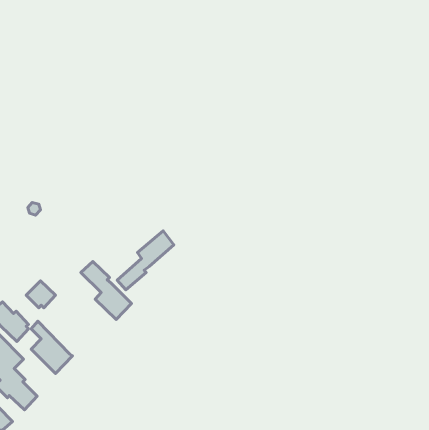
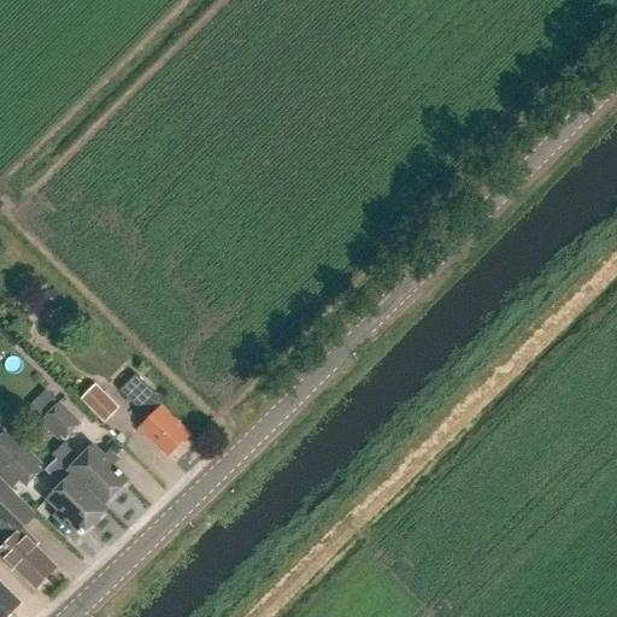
building: [117,231,174,290] -> none
building: none -> [78,383,118,422]
building: none -> [51,442,128,506]

